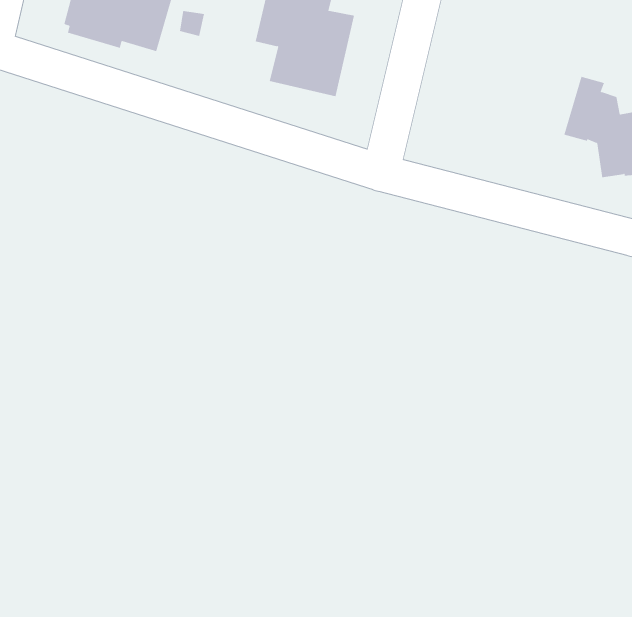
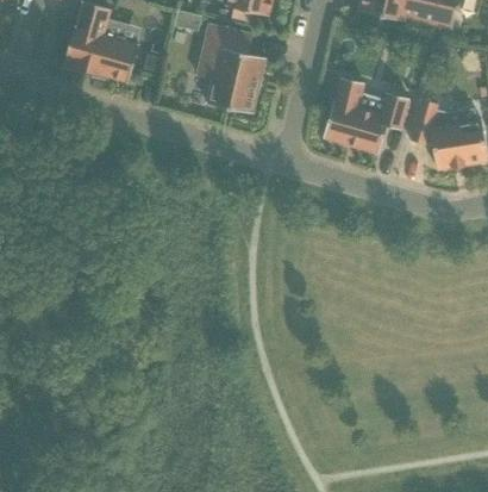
building: none -> [323,75,409,152]

